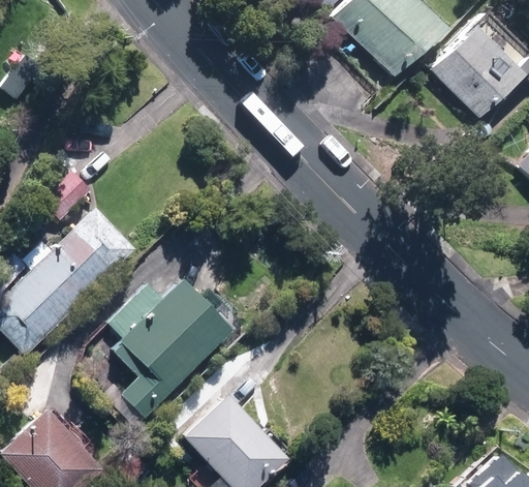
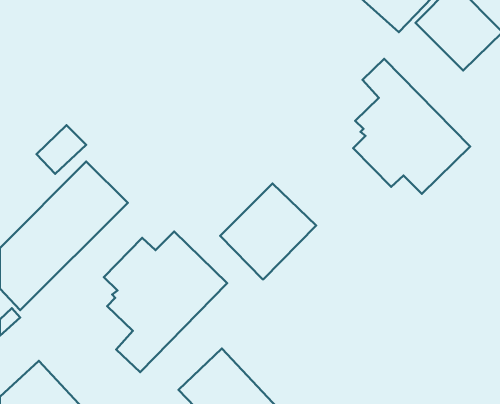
building: none -> [353,59,470,194]
building: none -> [220,183,316,279]

